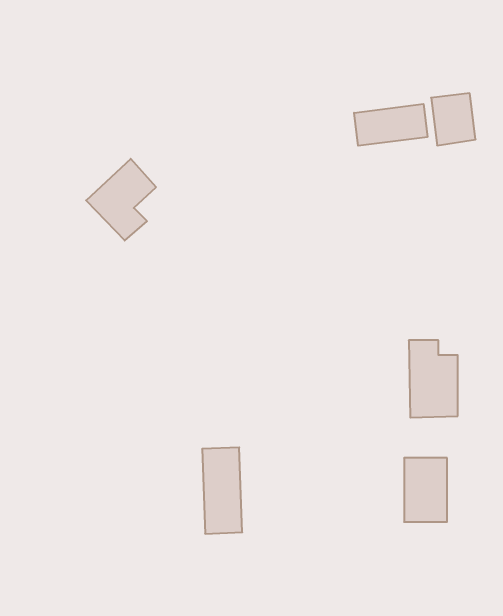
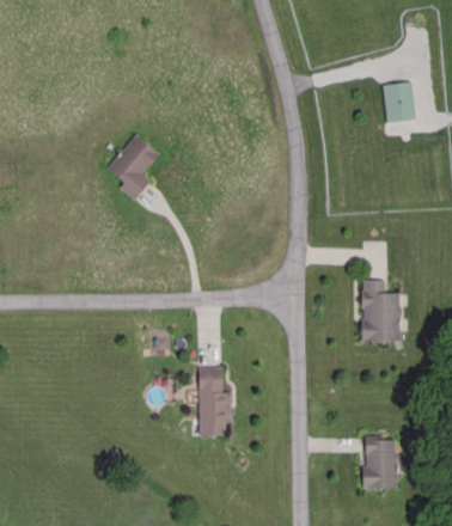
building: [354,104,427,146] -> none
building: [404,458,447,522] -> [364,438,398,489]

